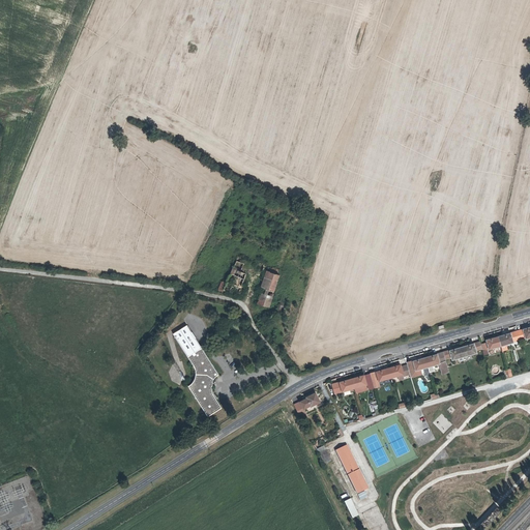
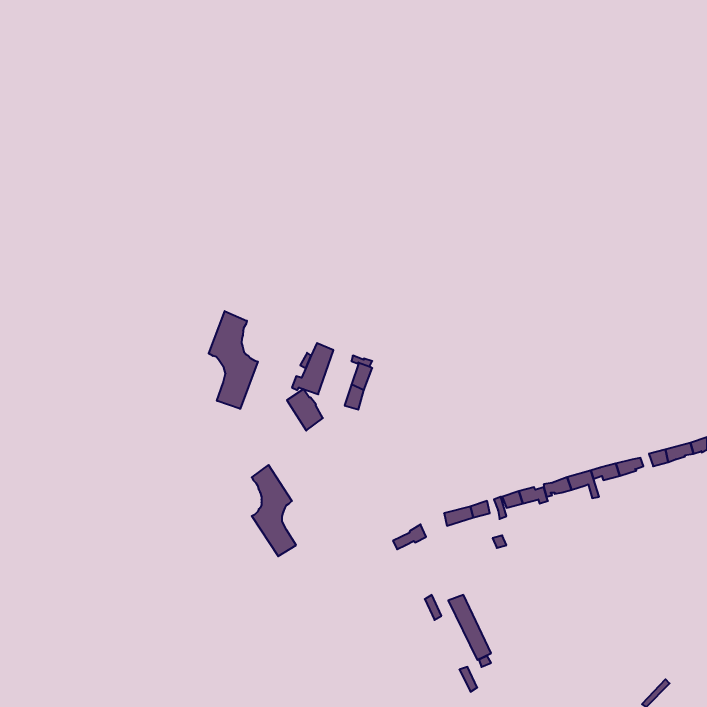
building: none -> [209,311,258,409]
building: [174,326,201,357] -> [287,389,323,431]

